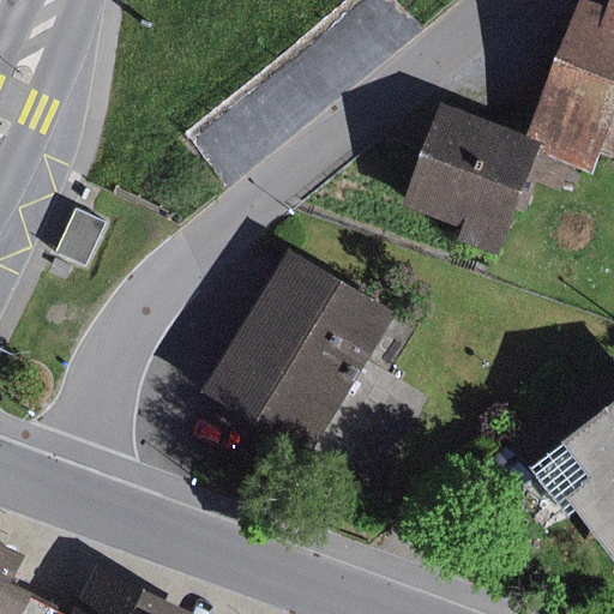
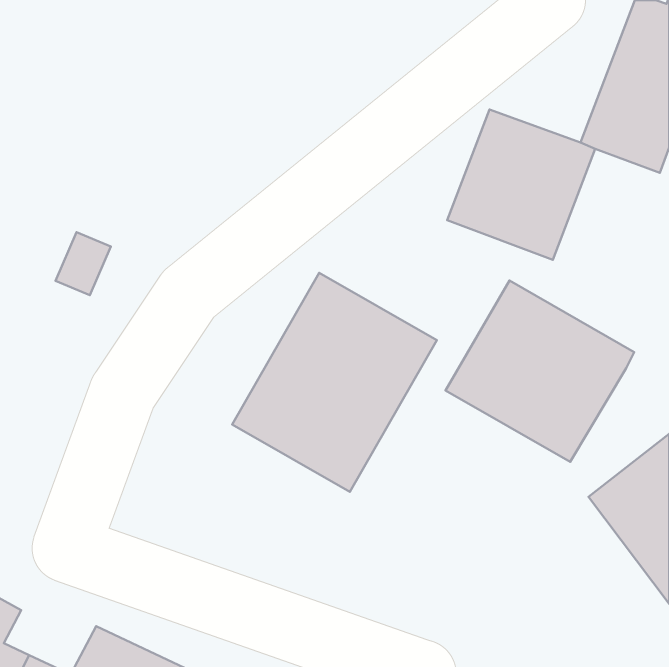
building: none -> [446,281,634,462]

